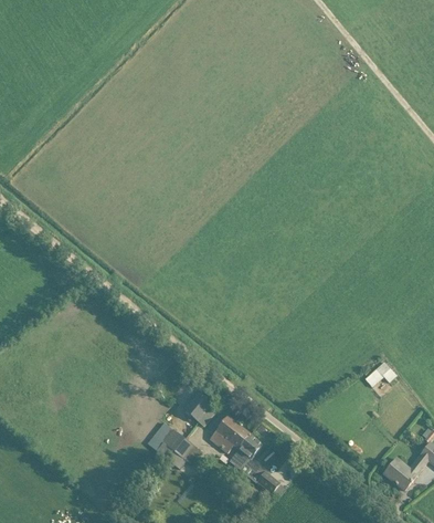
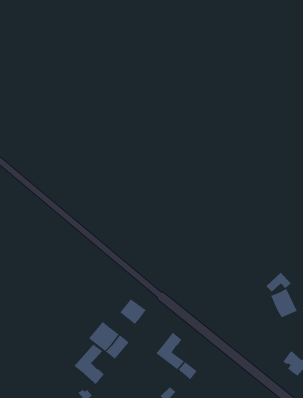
building: none -> [270,288,297,318]
building: [210,416,250,451] -> none
building: none -> [74,343,105,385]

